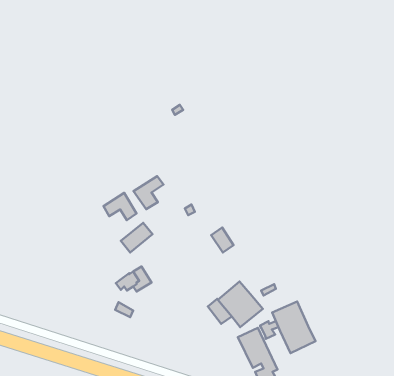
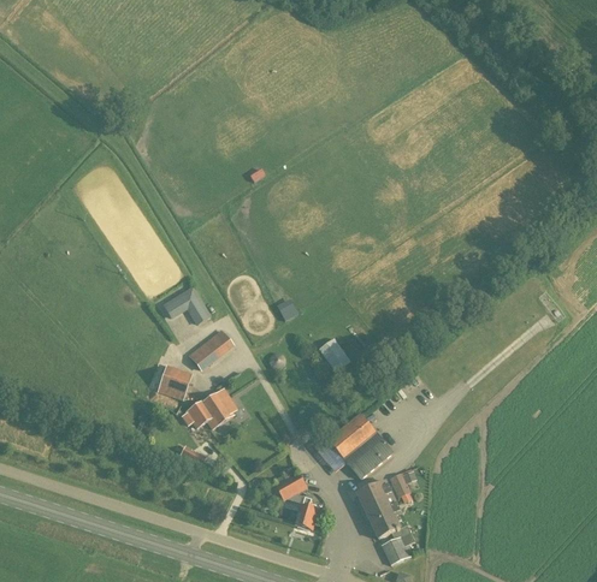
building: [134,176,163,209] -> none
building: none -> [156,363,191,399]
building: [272,302,316,353] -> none
building: none -> [276,473,318,529]

